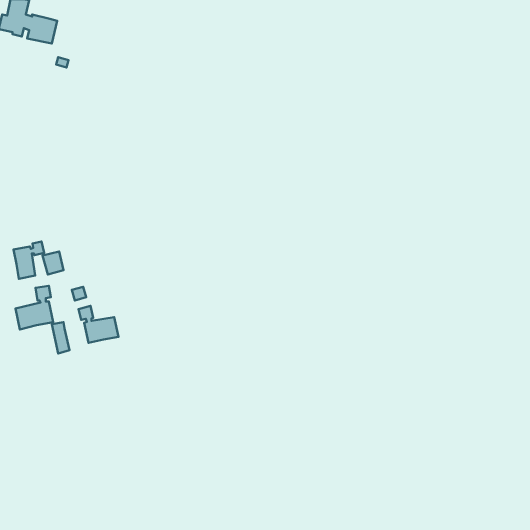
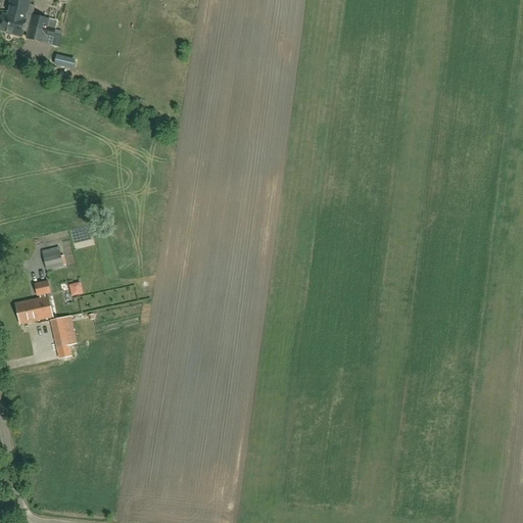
building: [13,241,44,279] -> none
building: [79,306,119,343] -> none

